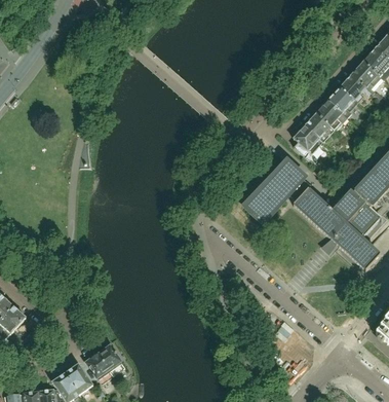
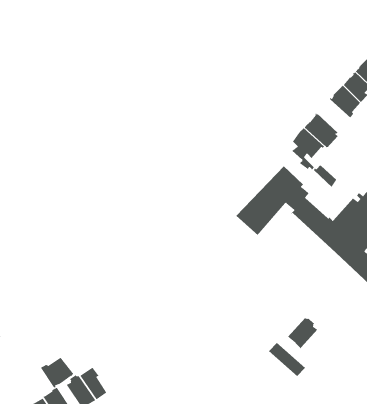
building: [317,97,349,127] -> none
building: none -> [287,317,318,349]
building: none -> [40,357,74,388]

